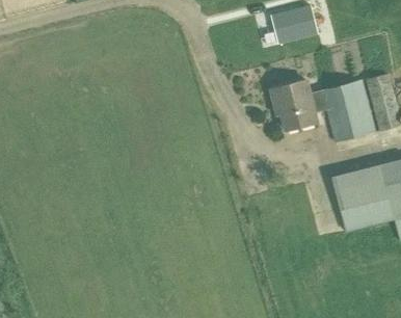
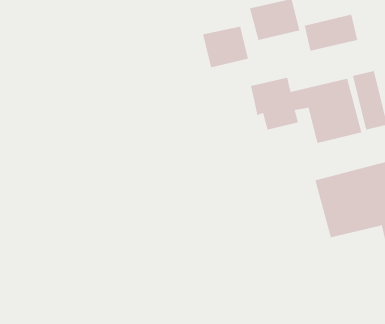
building: none -> [304,14,358,52]
building: none -> [203,26,249,68]

